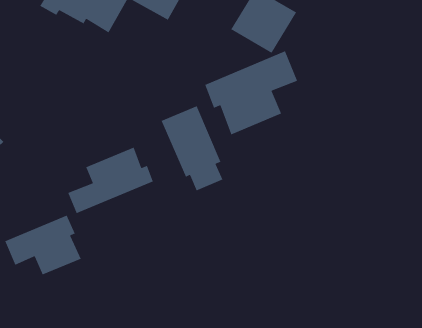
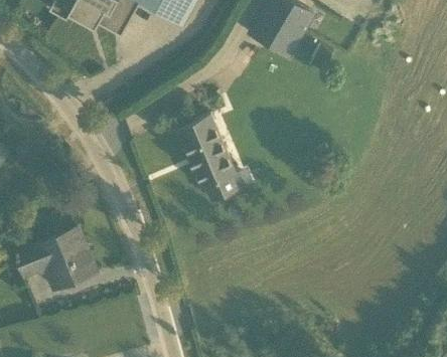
building: [204,50,298,136] -> none
building: [67,146,154,214] -> none

